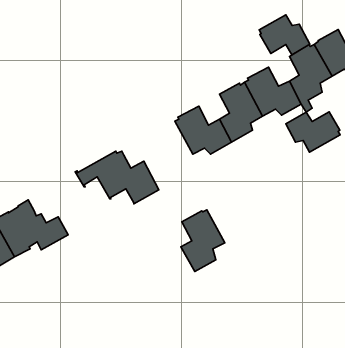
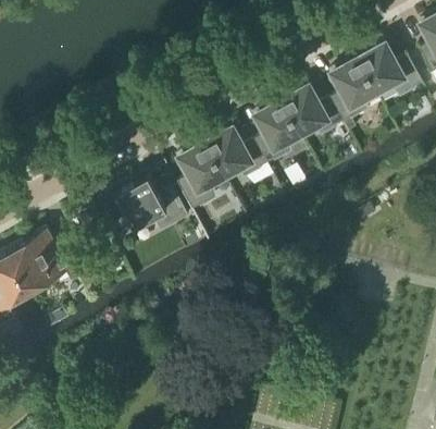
building: [259,15,310,55] -> none
building: [286,112,340,152] -> none
building: [181,210,225,272] -> [178,143,226,210]

